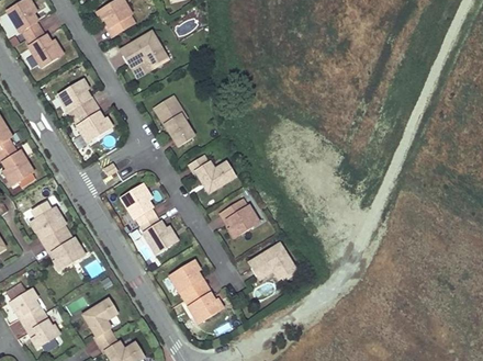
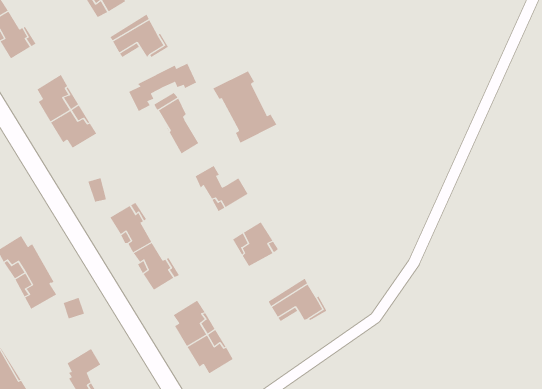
building: none -> [128,63,197,112]
building: none -> [213,71,277,144]

